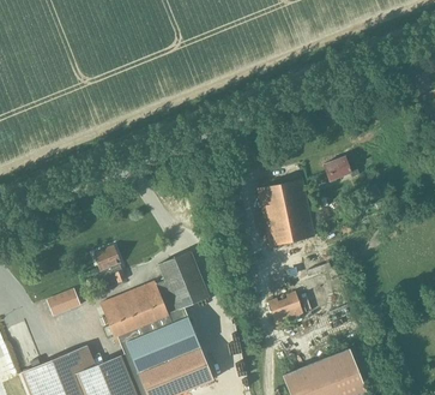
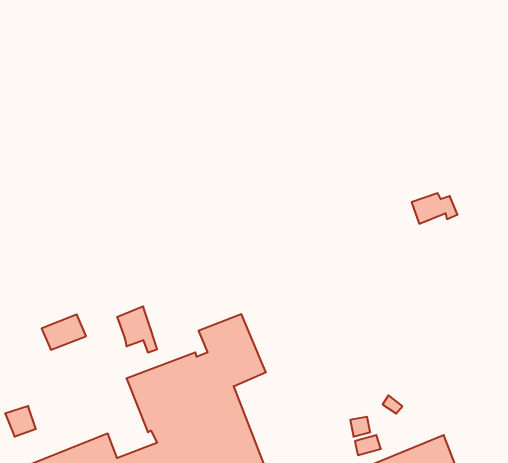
building: [258,180,314,246] -> none
building: [46,288,80,316] -> [42,315,86,350]
building: [267,292,303,324] -> none

